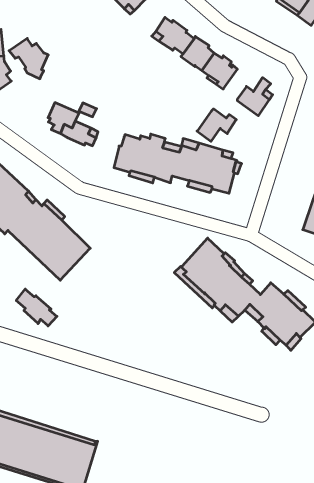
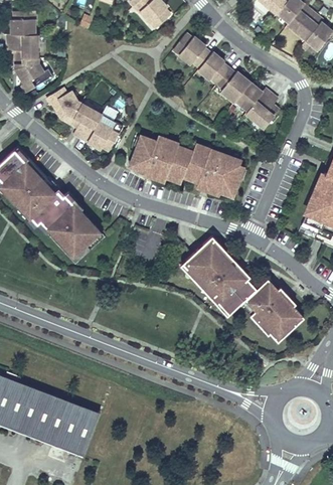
building: [9,38,48,79] -> [46,88,81,125]
building: [197,109,236,141] -> [234,83,271,112]
building: [16,289,57,326] -> none

